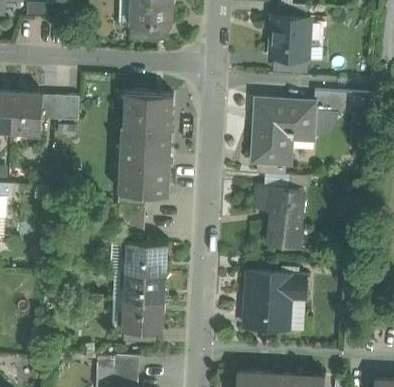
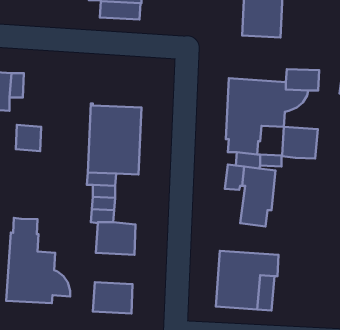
building: [122,92,172,129] -> none
building: [53,95,78,121] -> [16,125,41,151]
building: none -> [282,127,318,158]
building: none -> [6,218,70,303]
building: [124,272,163,303] -> none

